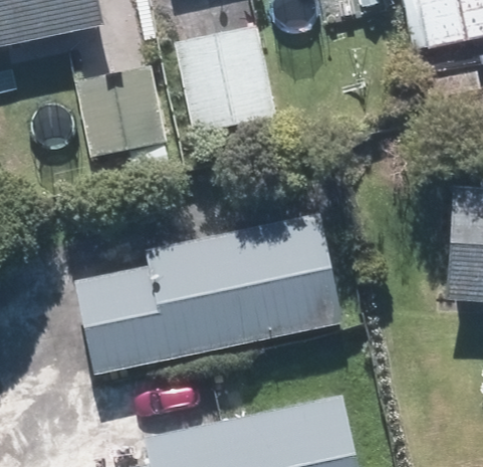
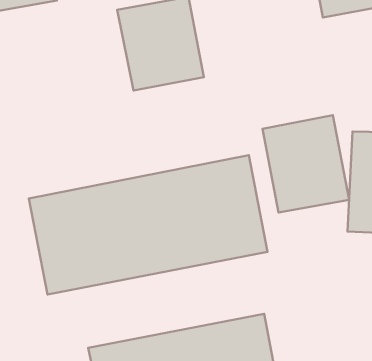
building: [70,54,174,178] -> none
building: none -> [262,115,349,213]

